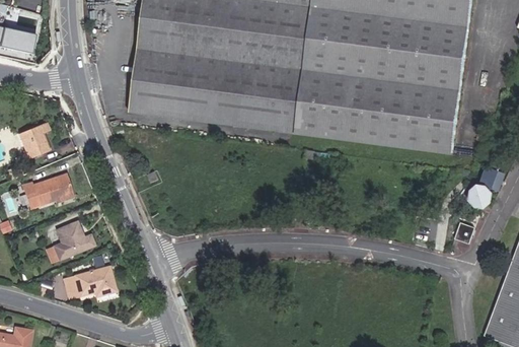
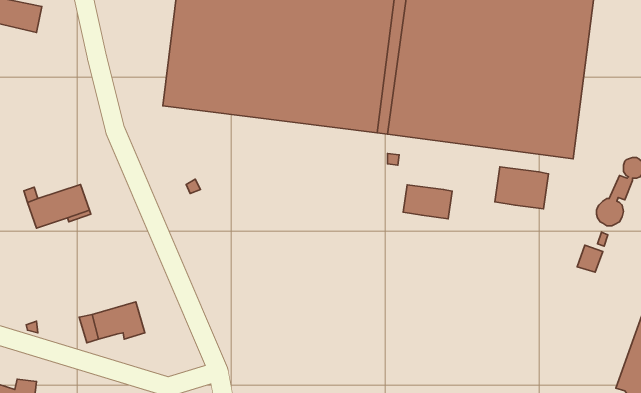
building: [16,122,49,159] -> none
building: none -> [495,167,548,209]
building: none -> [403,185,452,219]
building: [54,222,92,260] -> none

